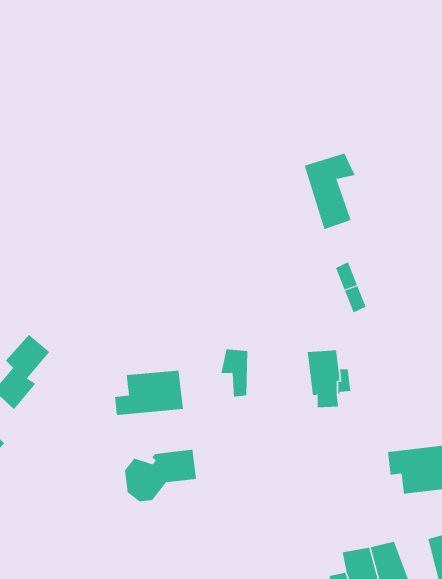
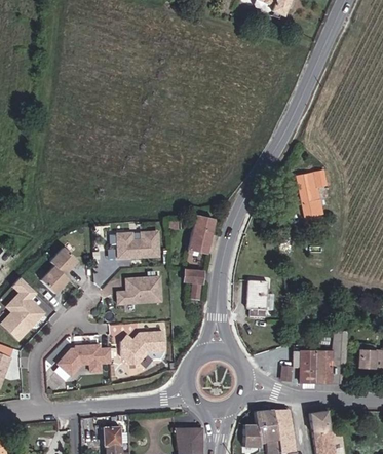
building: [304,153,356,230] -> [300,172,333,220]
building: none -> [183,216,215,253]
building: none -> [115,234,156,259]
building: none -> [53,344,111,375]

